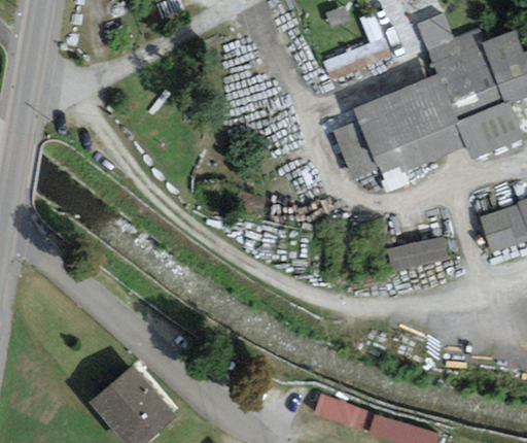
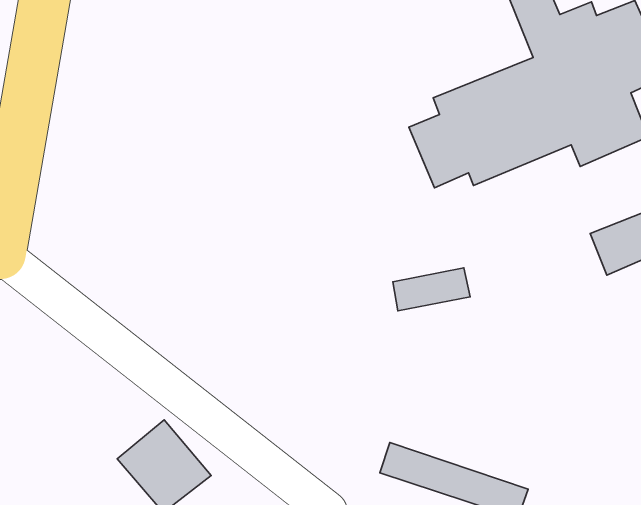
building: [326,36,396,86] -> none
building: [387,237,450,272] -> [393,268,470,311]

